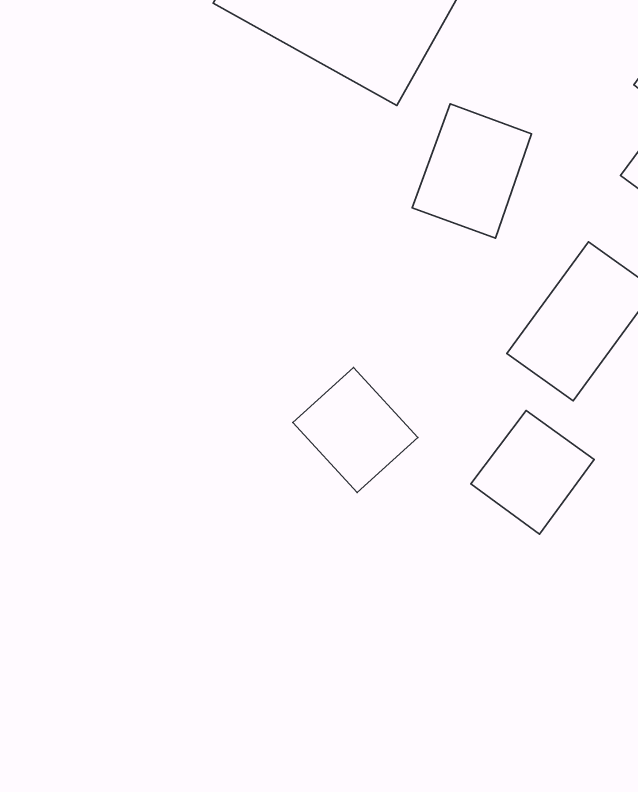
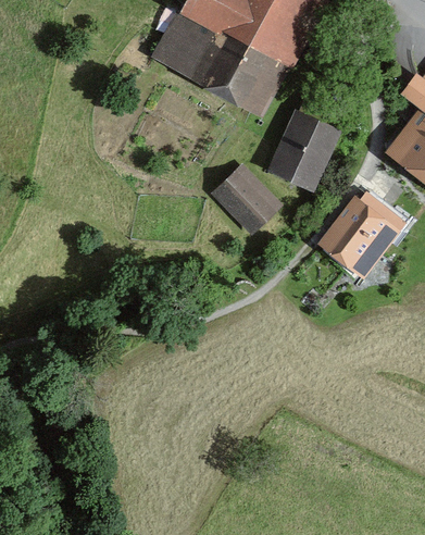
building: [293,367,418,492] -> [210,161,282,233]
building: [471,411,594,534] -> none

